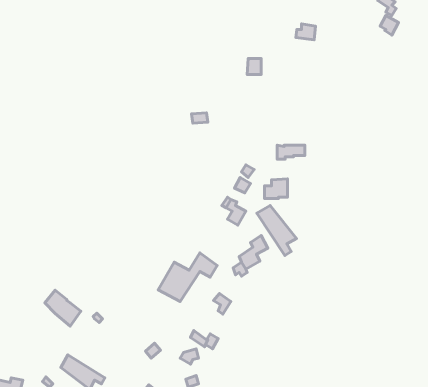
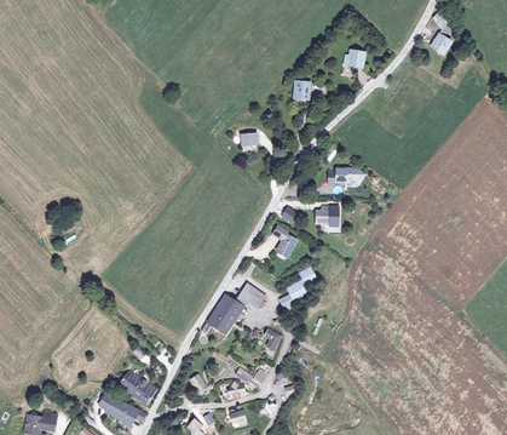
building: [257,205,297,256] -> none
building: [45,290,81,326] -> [121,367,159,405]

